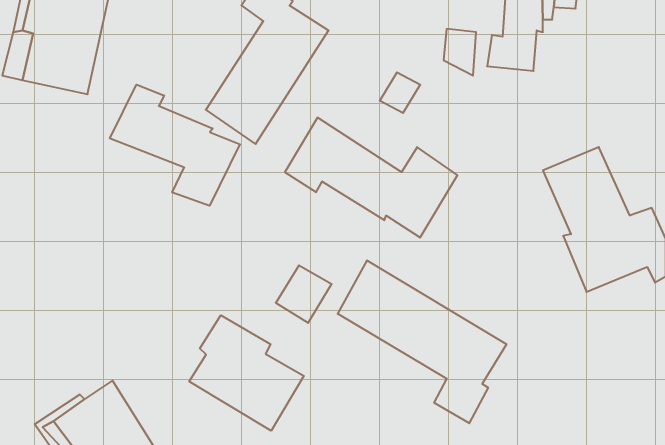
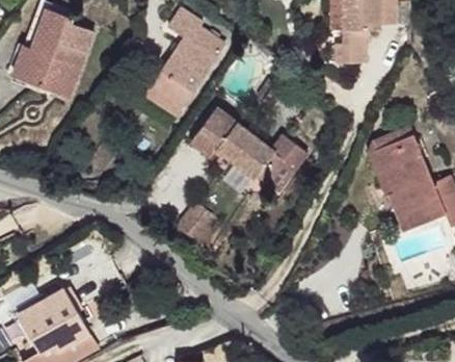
building: [110,85,240,206] -> none
building: [338,260,506,423] -> none
building: [189,315,304,431] -> none

